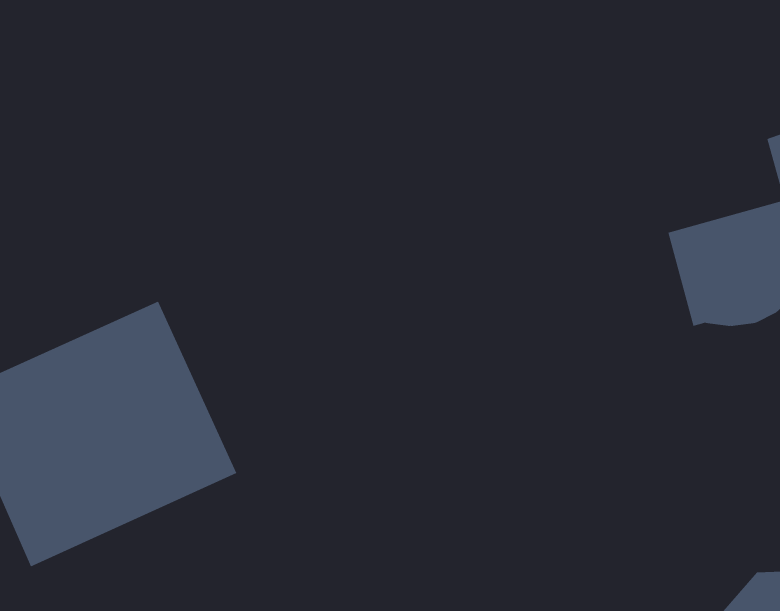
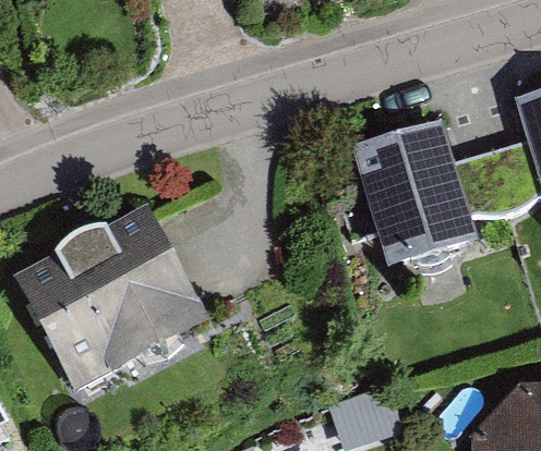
building: none -> [366,127,491,279]

